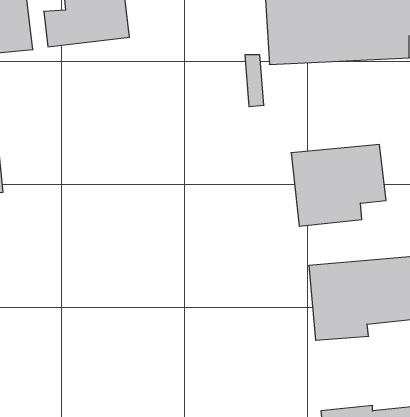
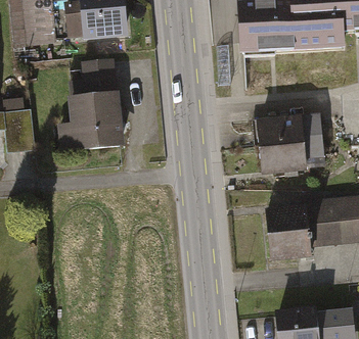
building: none -> [57,61,123,156]

